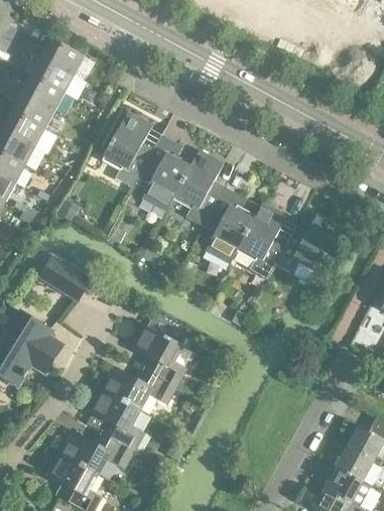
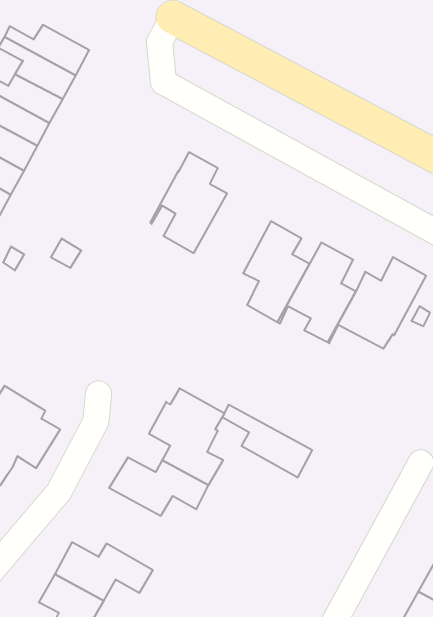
building: [103,112,153,187] -> none
building: [165,150,224,226] -> none
building: [40,256,91,300] -> none
building: none -> [223,405,312,478]
building: [89,389,144,452] -> none

